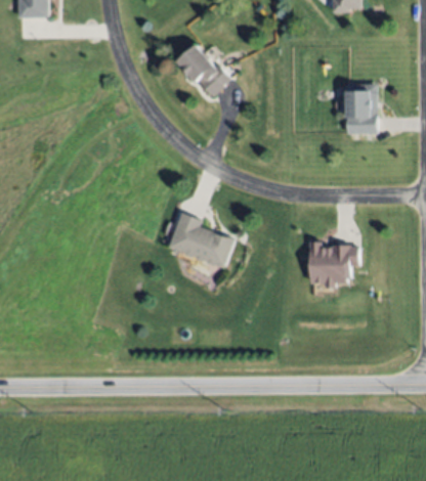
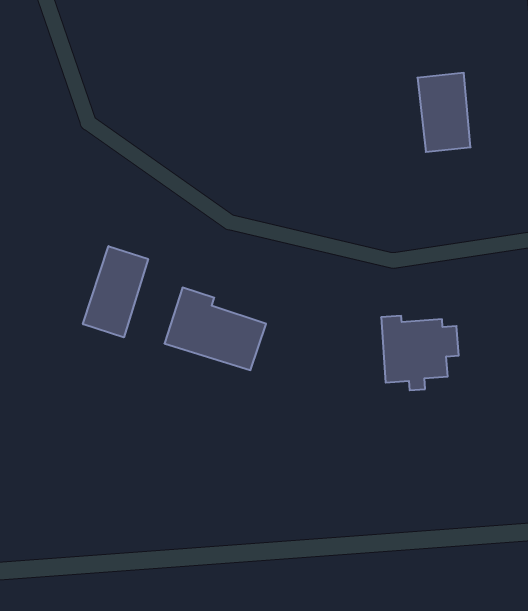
building: [176,44,229,97] -> none
building: none -> [83,246,148,337]

